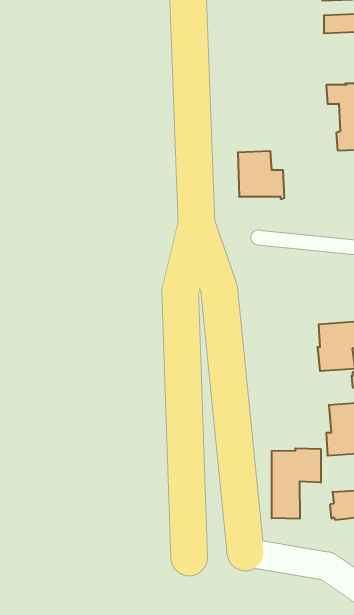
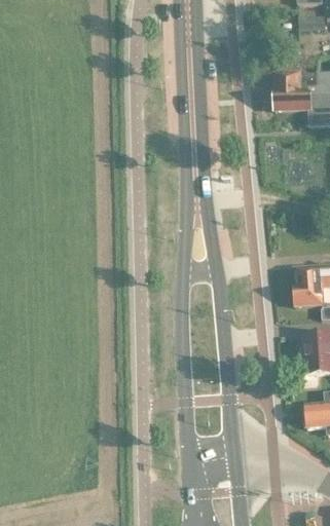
building: [238,151,284,199] -> [274,72,313,111]
building: [272,448,321,519] -> none

